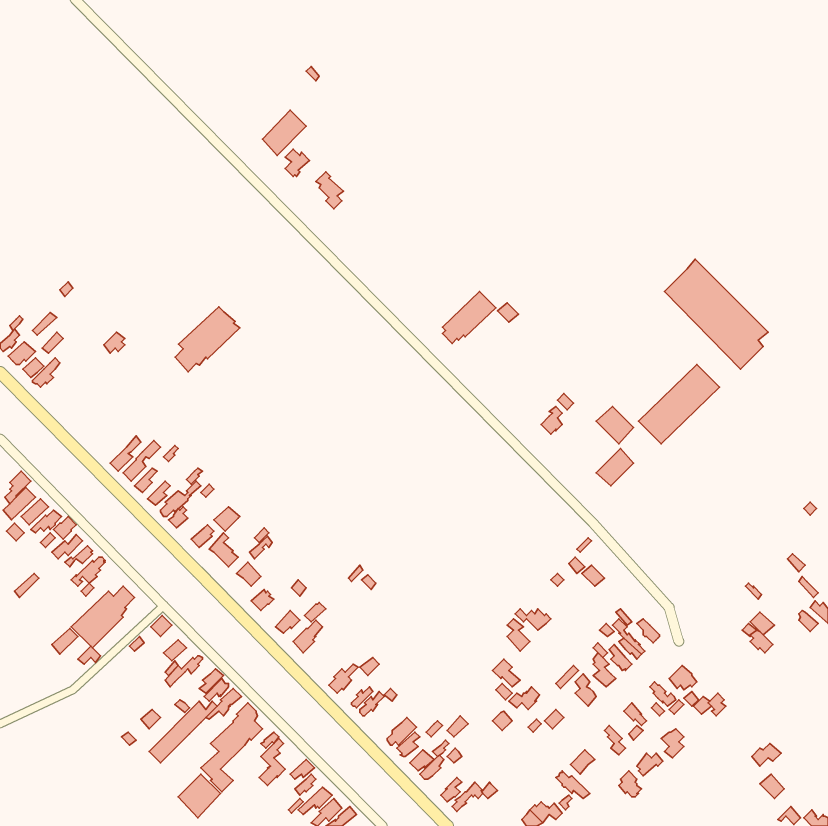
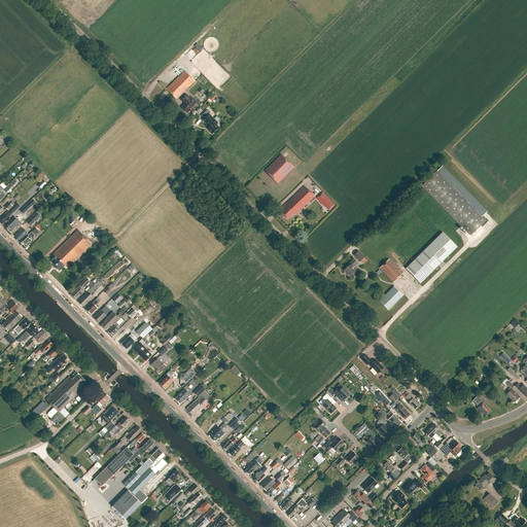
building: none -> [265,153,294,182]
building: [175,307,240,372] -> [50,230,92,271]

